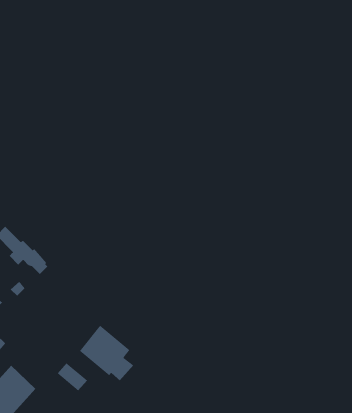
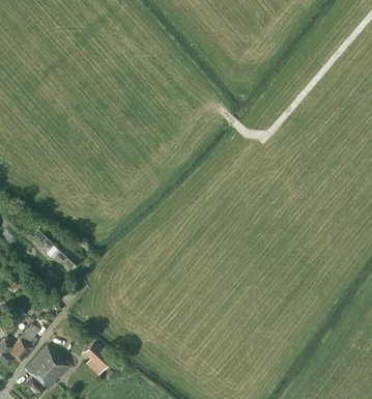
building: [79,325,134,381] -> none

